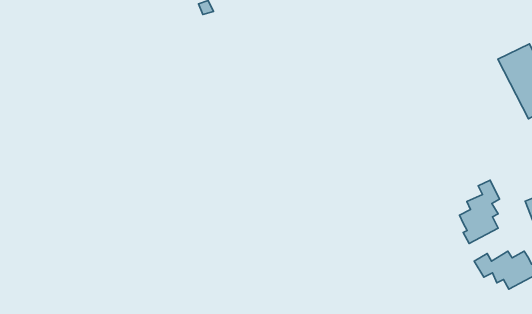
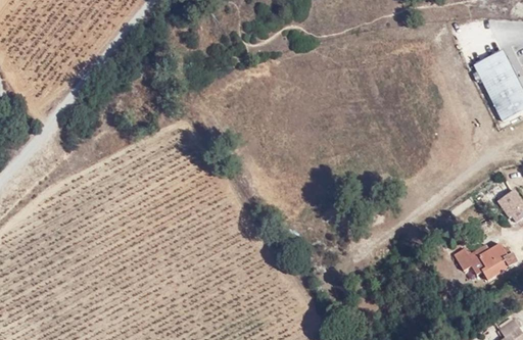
building: [460,180,499,244] -> none

